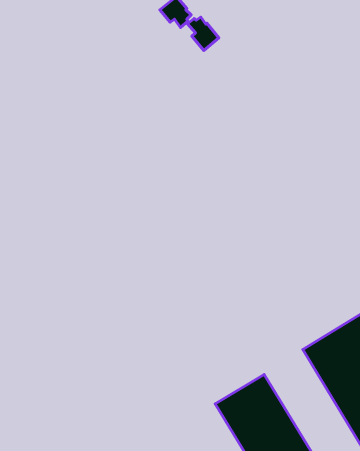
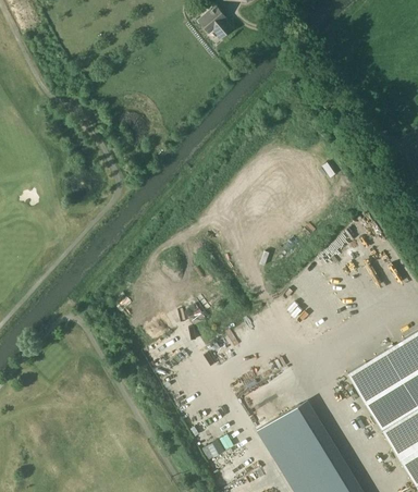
building: [187,17,219,51] -> none

